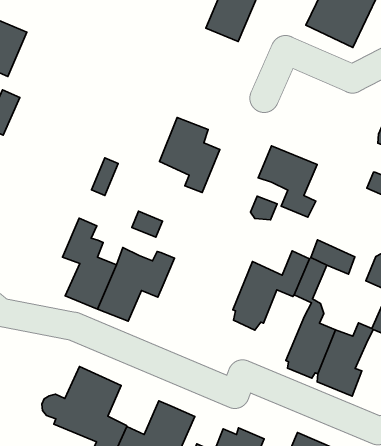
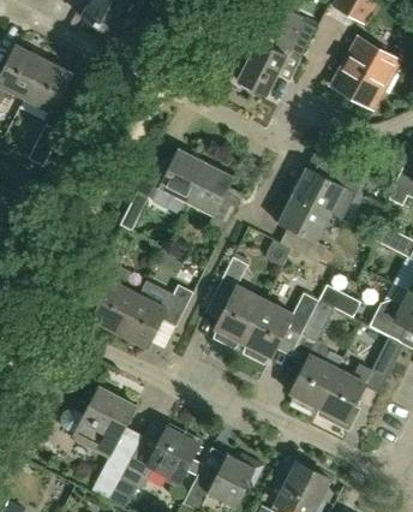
building: none -> [291,157,363,220]
building: none -> [138,148,205,215]
building: none -> [215,257,265,349]

